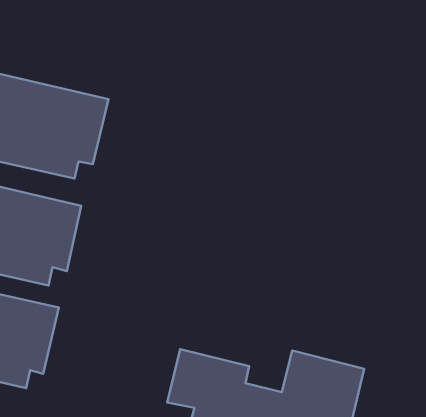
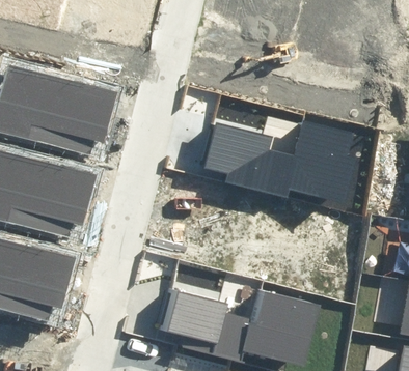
building: none -> [203,122,360,200]

